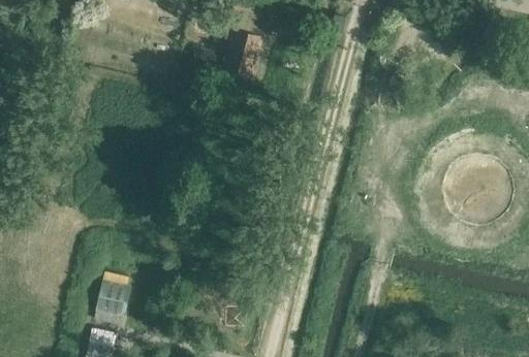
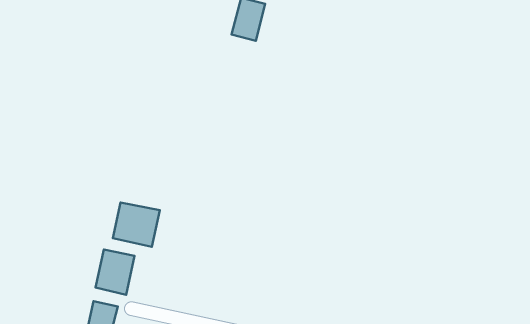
building: none -> [113,202,160,247]

